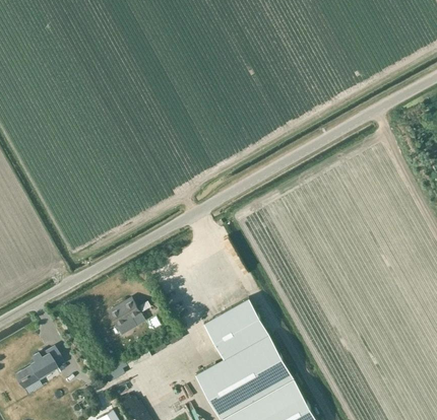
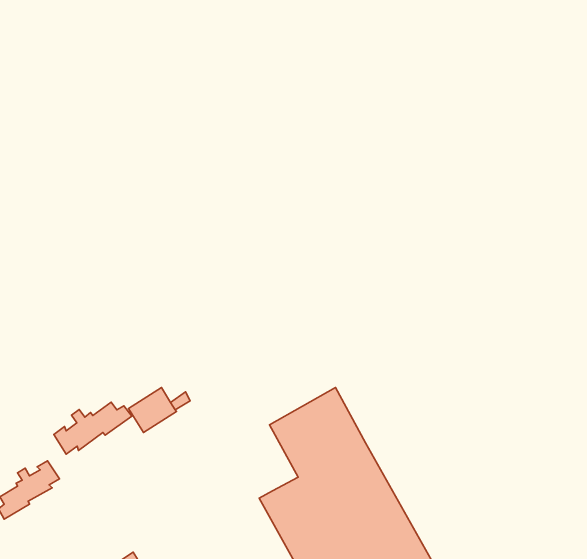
building: none -> [54,402,132,454]

